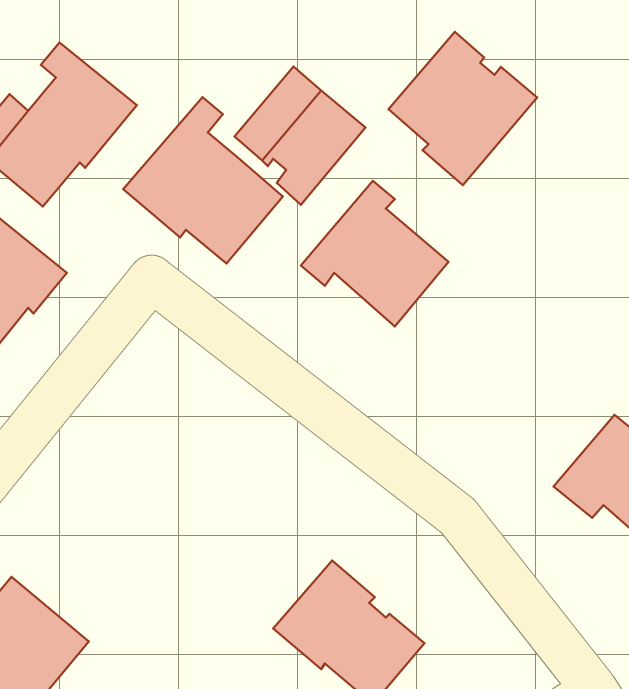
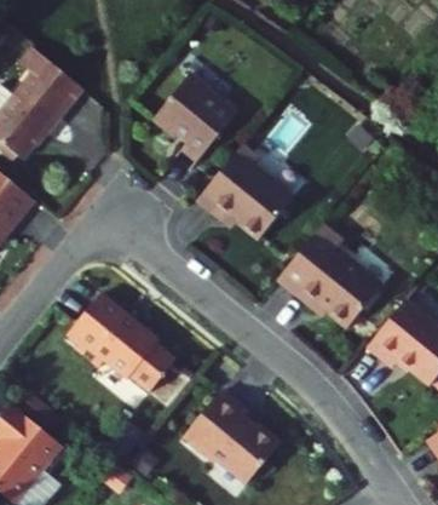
building: [389,32,537,185] -> none
building: [123,97,283,264] -> none
building: none -> [278,223,381,326]
building: none -> [65,293,175,395]

